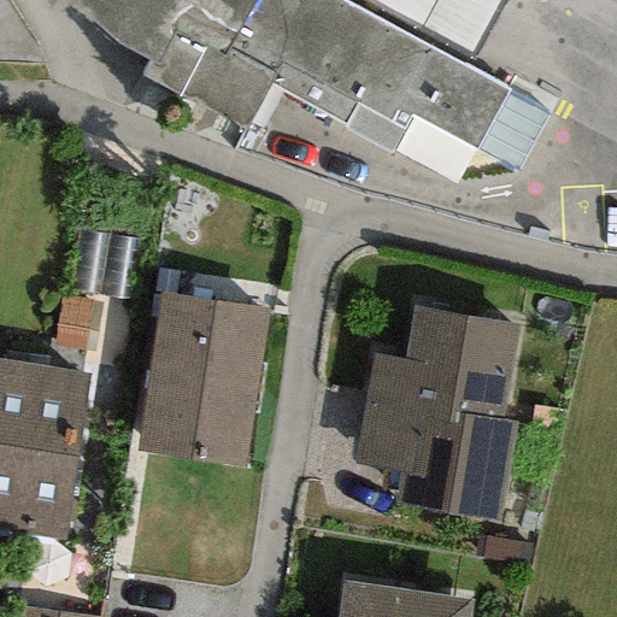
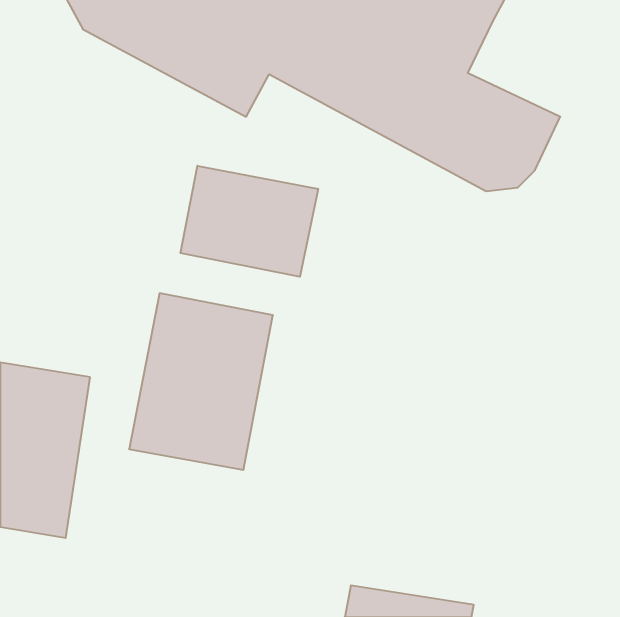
building: none -> [181,166,318,277]
building: [349,307,509,515] -> none

